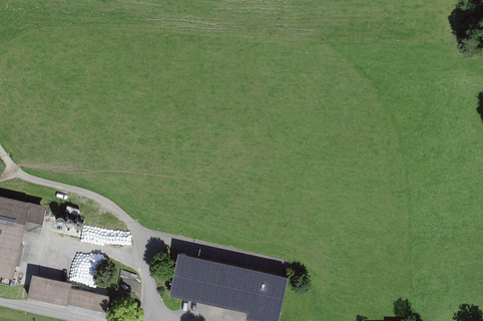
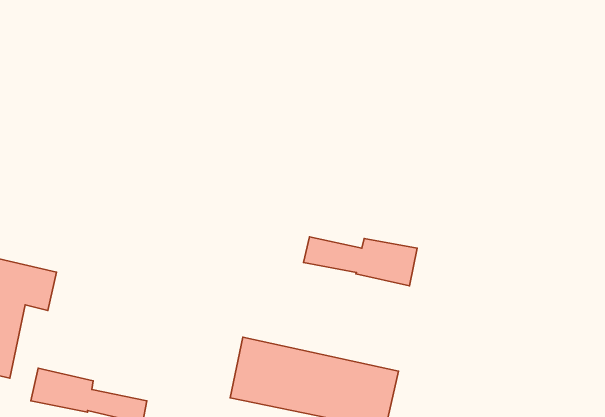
building: none -> [304,237,417,286]

